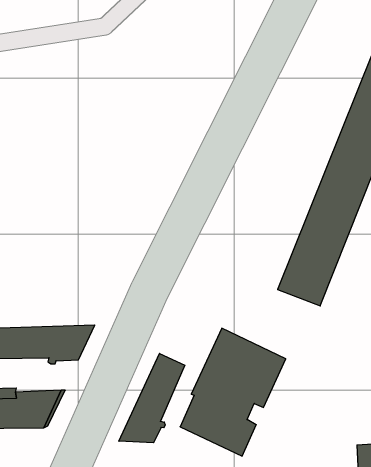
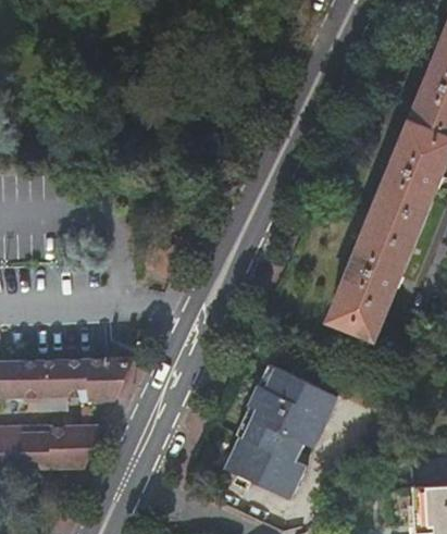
building: [119,353,185,443] -> none

